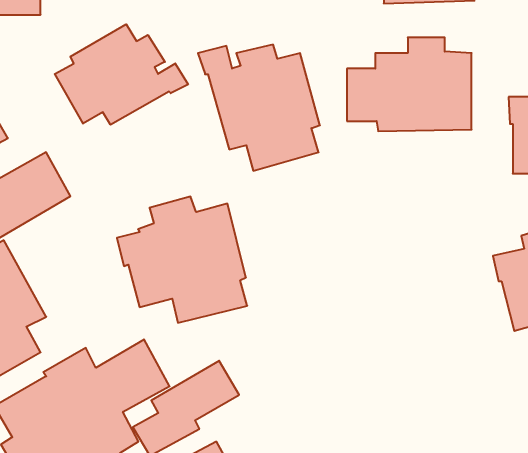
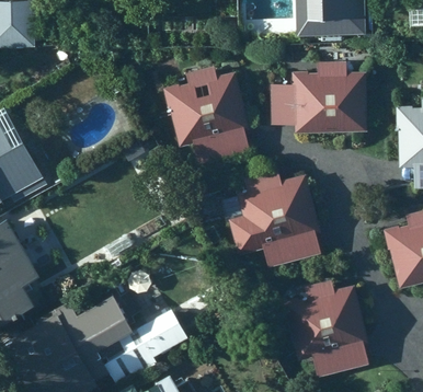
building: [55,24,188,125] -> none
building: [117,197,247,323] -> [220,170,321,267]
building: none -> [284,281,369,378]

